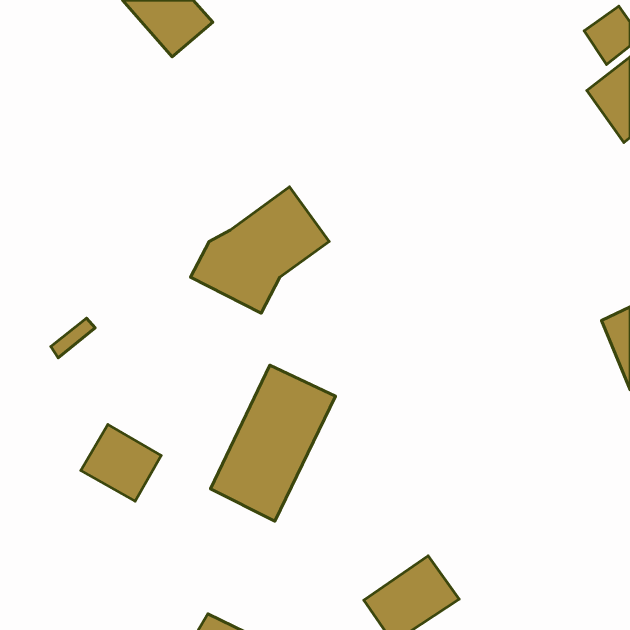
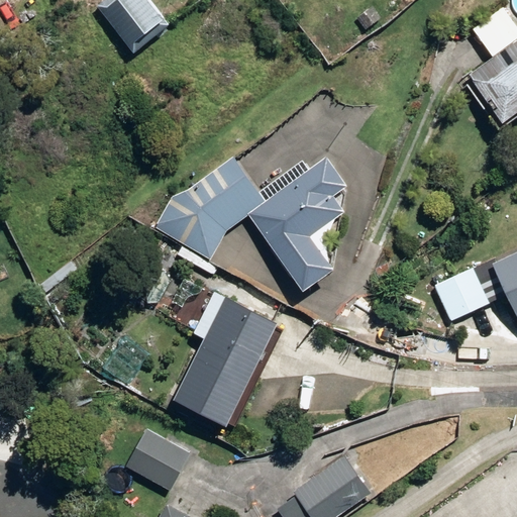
building: none -> [248,161,345,293]
building: none -> [434,270,488,321]
building: [81,425,161,501] -> [127,428,193,491]

